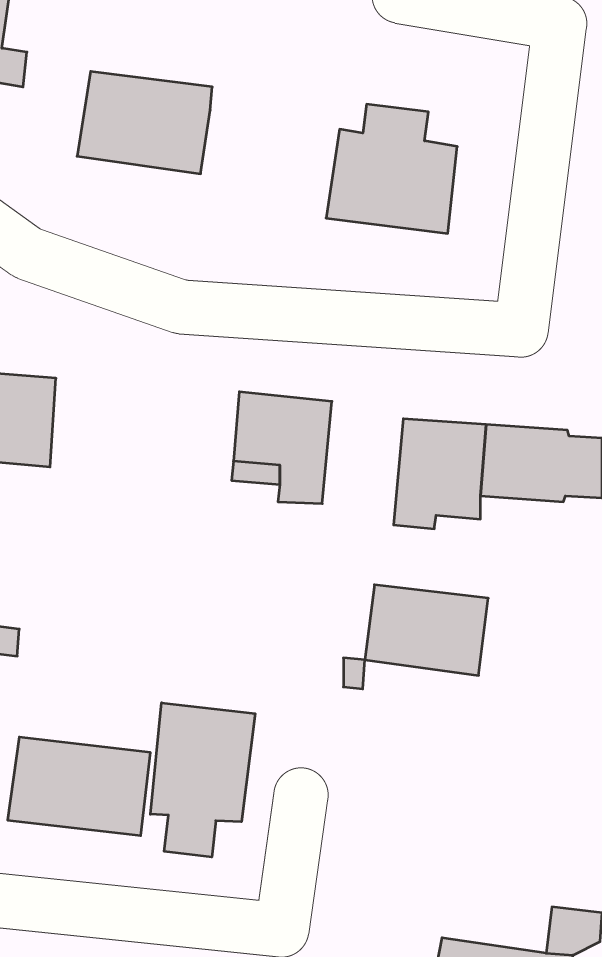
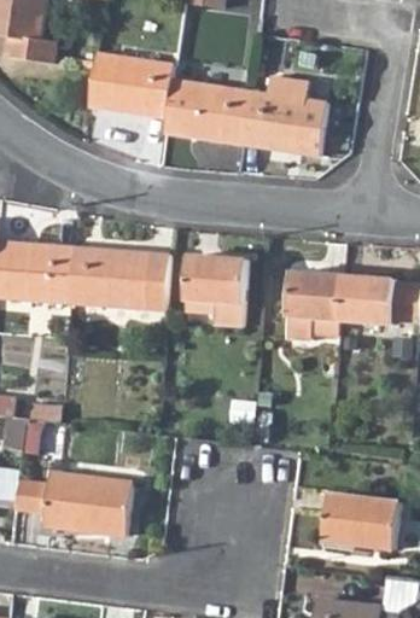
building: none -> [163,78,251,146]
building: none -> [70,246,169,309]
building: [365,585,488,675] -> [322,491,399,548]
building: [150,703,255,857] -> none

